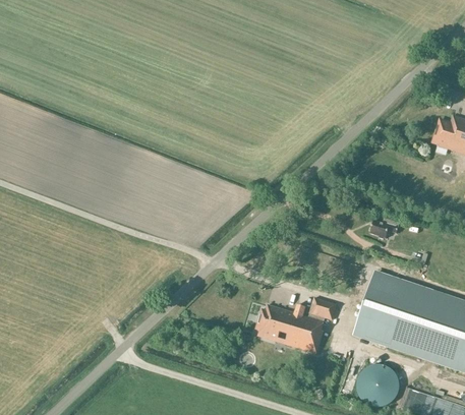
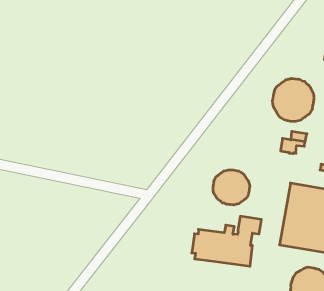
building: none -> [272,78,314,121]
building: none -> [213,170,250,205]

